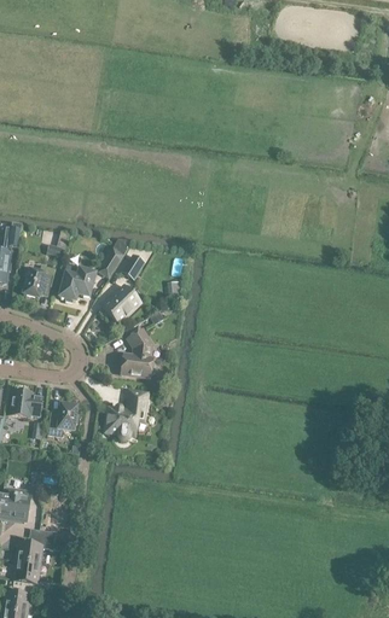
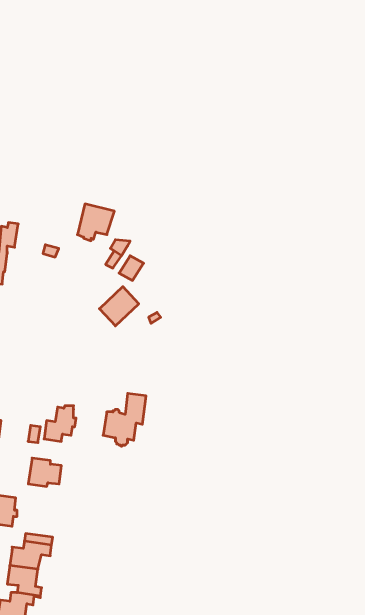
building: [22,264,56,298] -> none
building: [60,266,97,302] -> [77,204,114,241]
building: [122,328,157,377] -> none
building: [11,390,43,418] -> [28,458,61,486]

